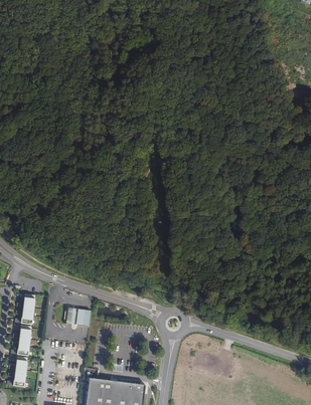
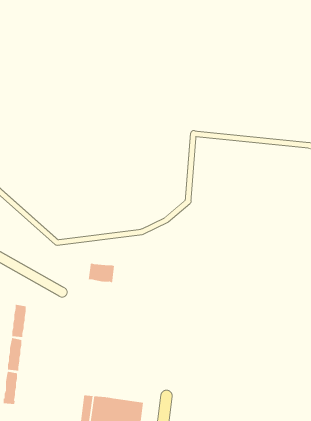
building: [64,308,90,327] -> [88,263,115,283]

